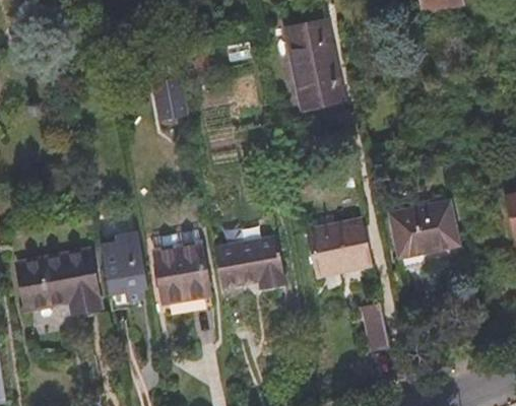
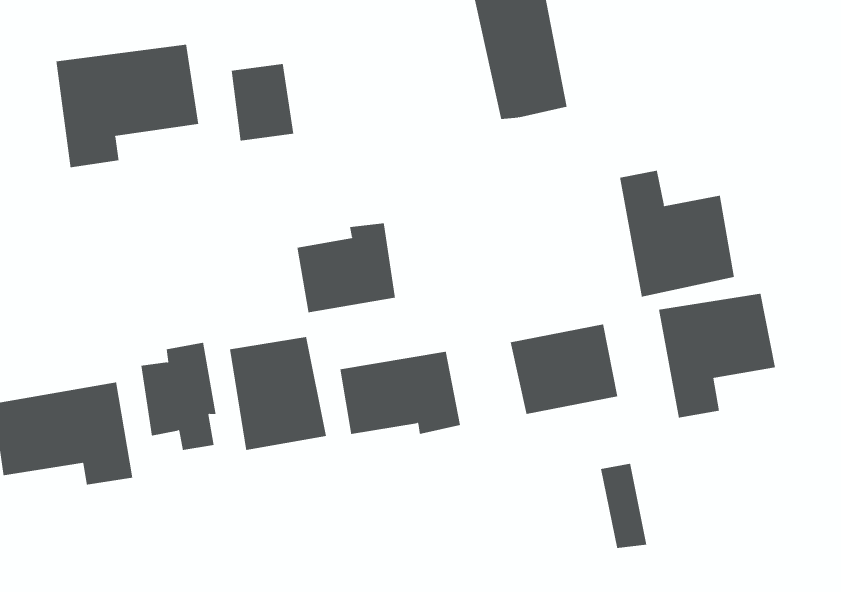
building: none -> [56,44,199,168]
building: none -> [620,170,735,297]
building: none -> [297,223,396,313]

